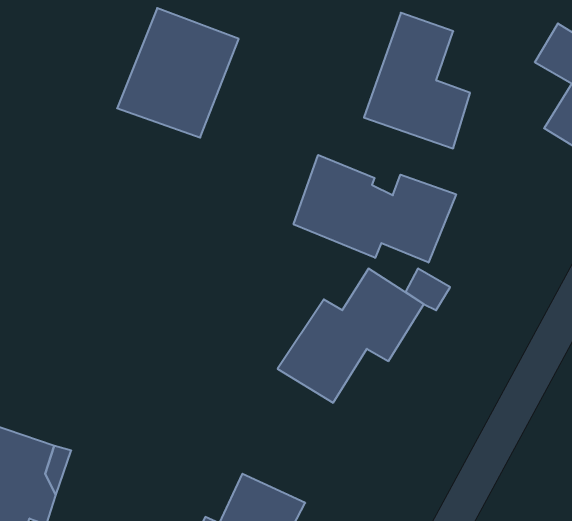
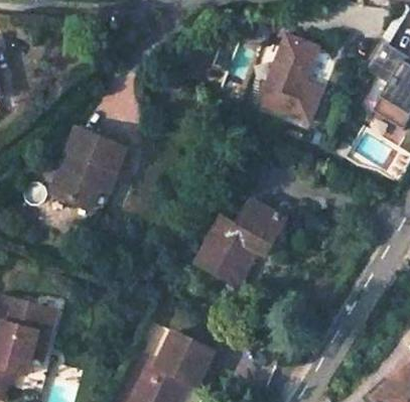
building: [117,8,239,138] -> [47,128,127,213]
building: [294,155,456,263] -> none

